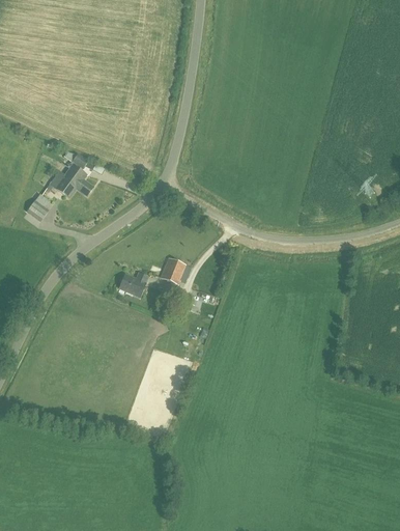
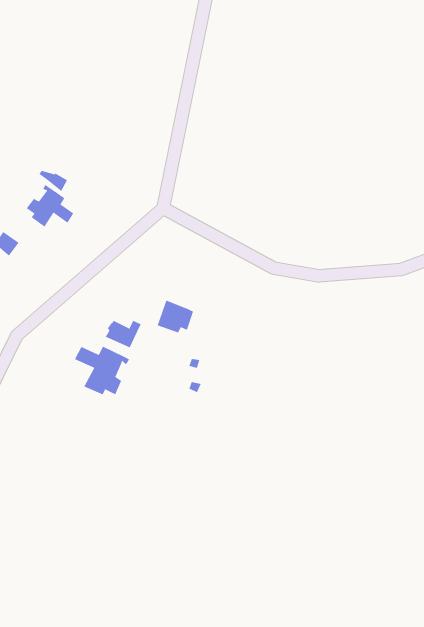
building: none -> [74,346,130,395]

